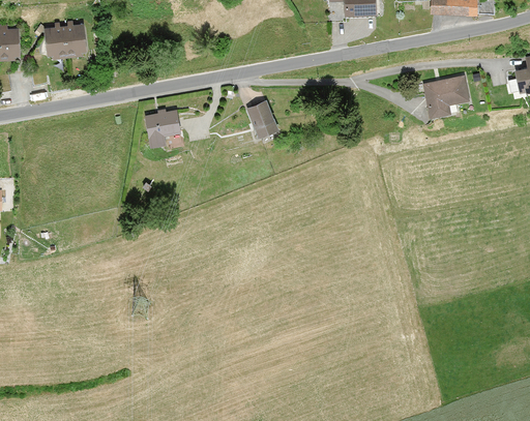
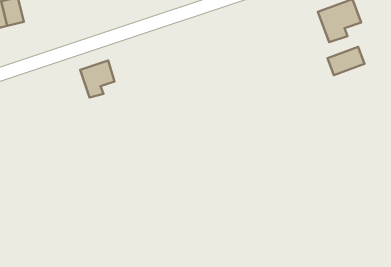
building: [246,100,279,139] -> none
building: none -> [327,47,364,75]

